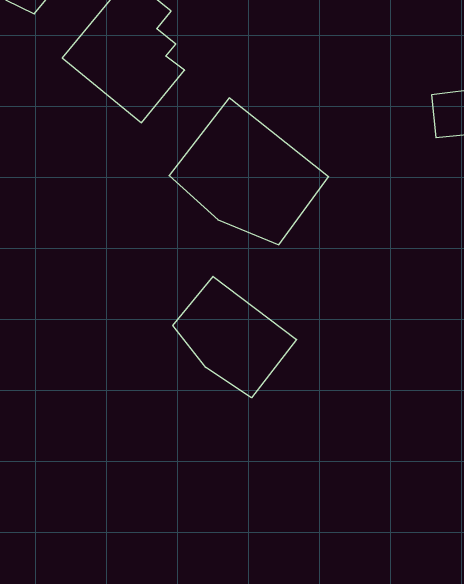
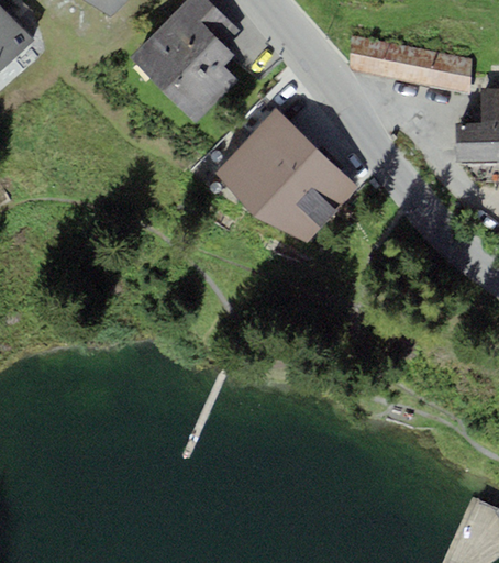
building: none -> [346,35,470,91]
building: [173,276,297,398] -> none

